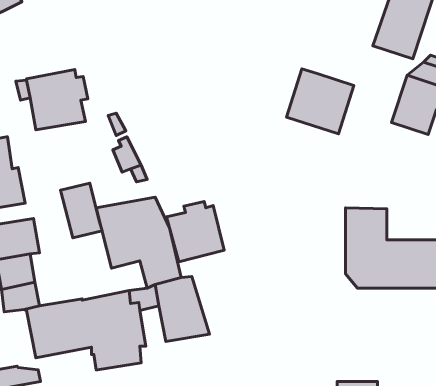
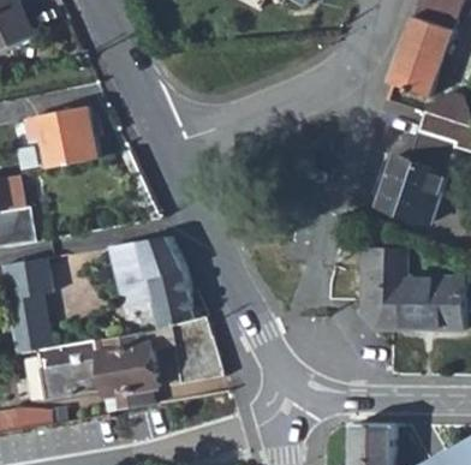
building: [286,69,354,134] -> [377,155,446,221]
building: [61,183,102,238] -> none
building: [166,201,224,262] -> none

